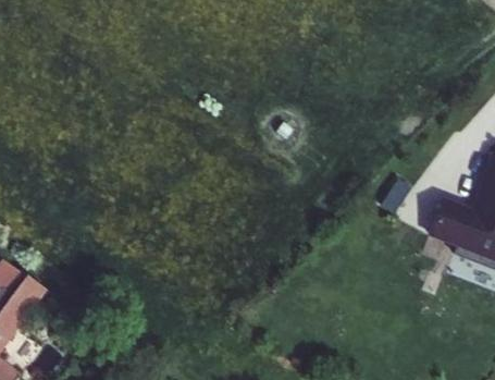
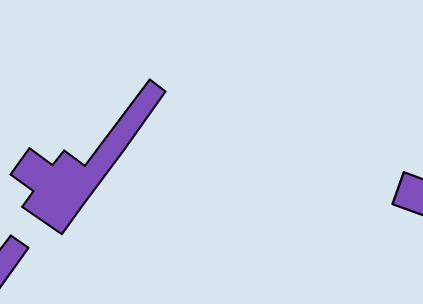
building: none -> [10,79,166,234]

